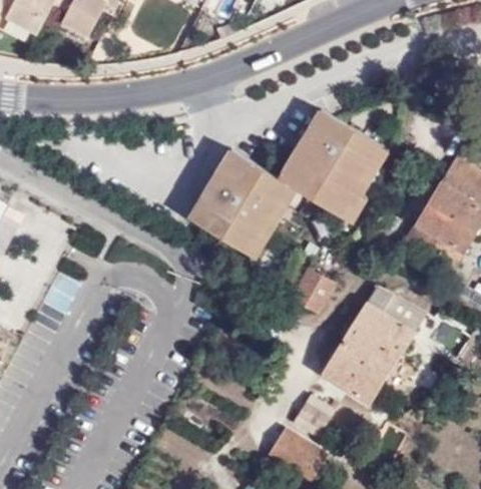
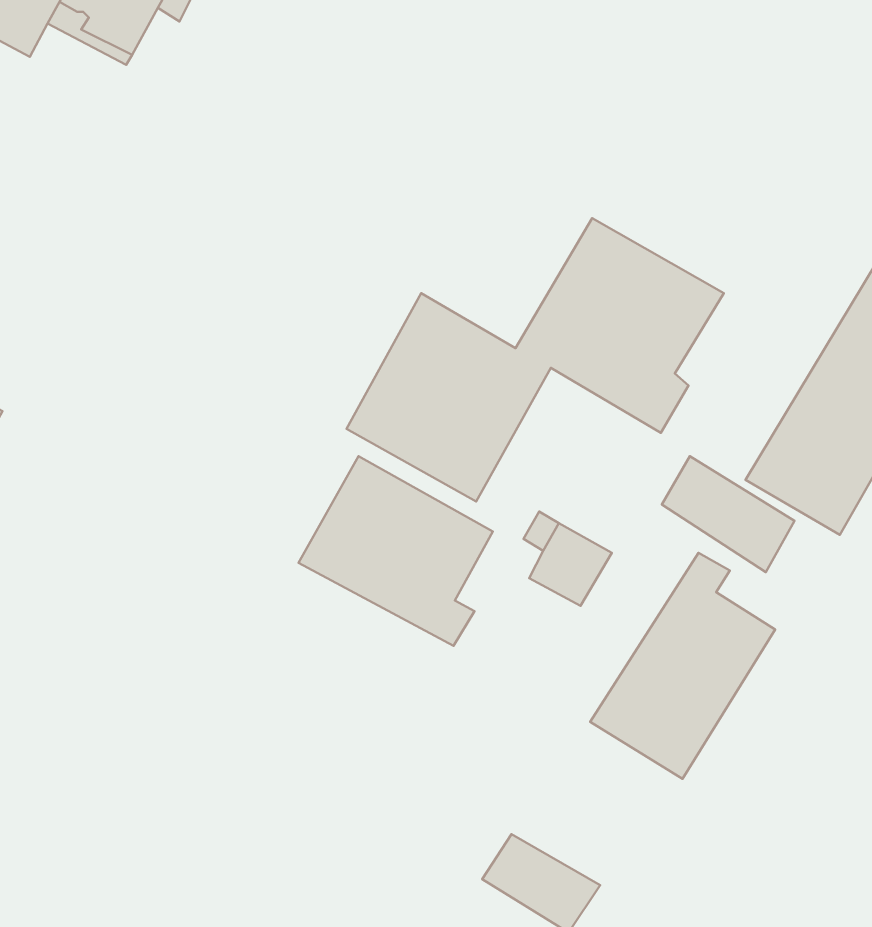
building: none -> [662,456,794,572]
building: none -> [299,456,493,646]
building: [292,394,336,435] -> none

